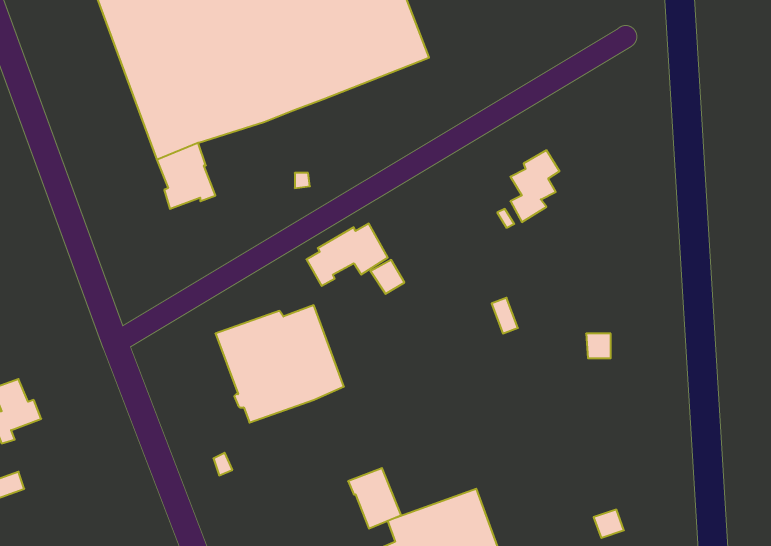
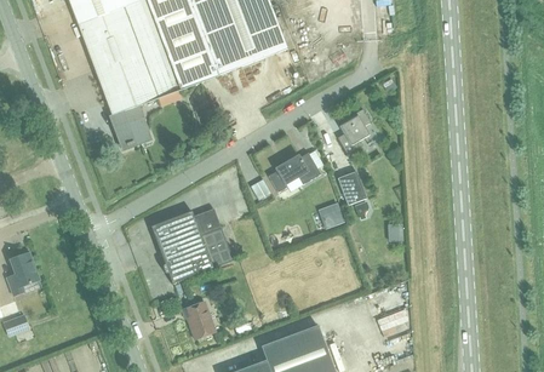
building: [306,224,388,286] -> [268,151,320,191]
building: none -> [338,171,366,205]
building: [348,468,401,529] -> [182,301,216,339]

